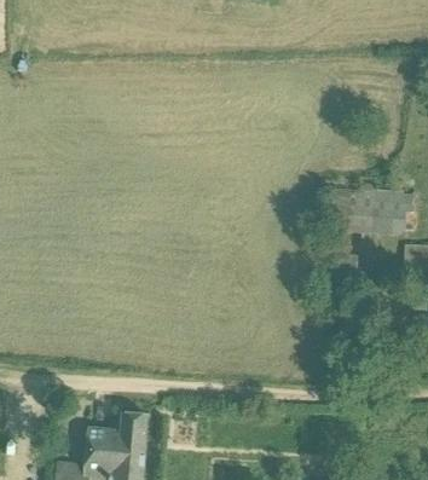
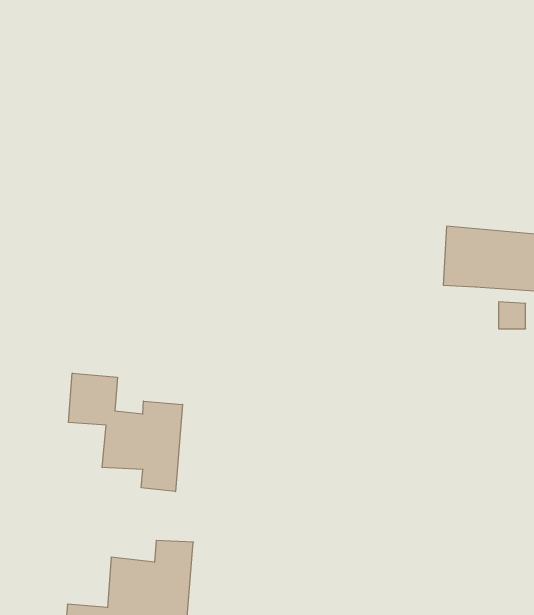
building: none -> [69,373,183,492]

